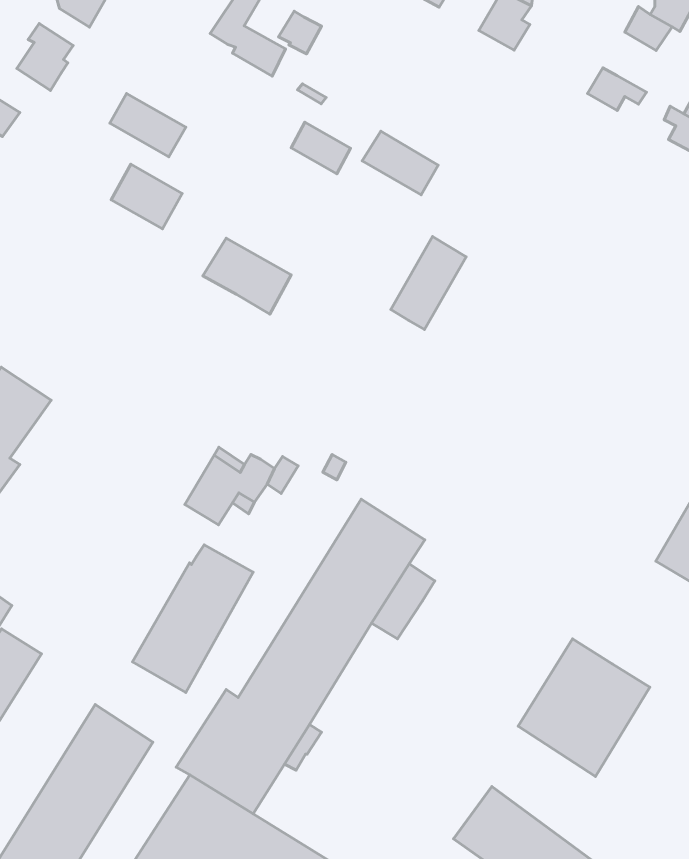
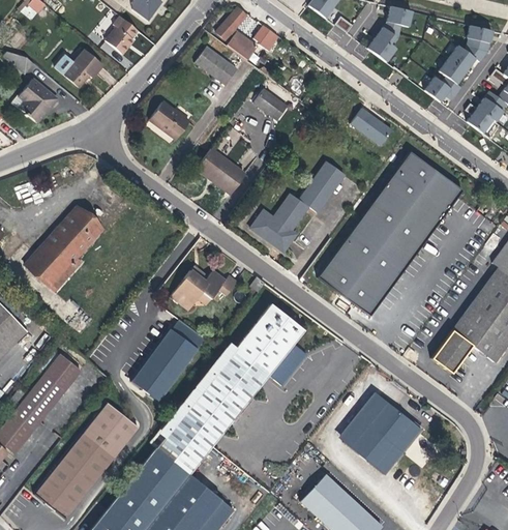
building: none -> [439,59,465,94]
building: [110,94,186,157] -> [195,47,237,85]
building: [362,131,438,195] -> [351,108,393,146]
building: none -> [318,152,461,316]
building: none -> [250,194,308,252]

